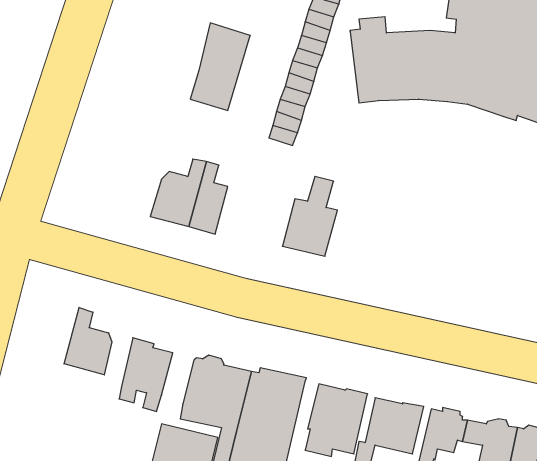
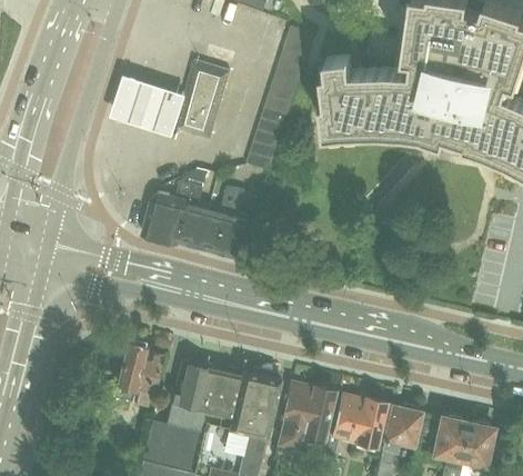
building: none -> [111,85,185,145]
building: [282,176,337,256] -> [200,188,249,259]
building: [64,307,112,375] -> none

